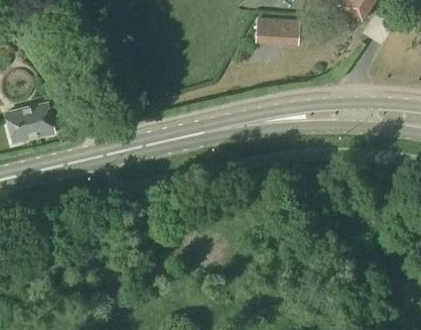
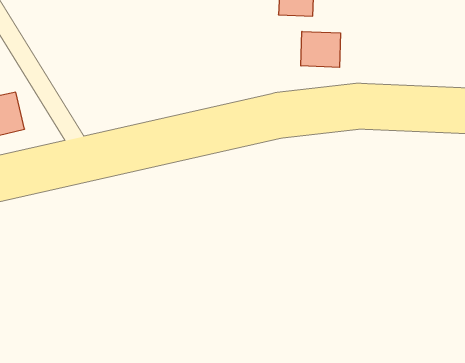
building: none -> [301,31,340,67]

